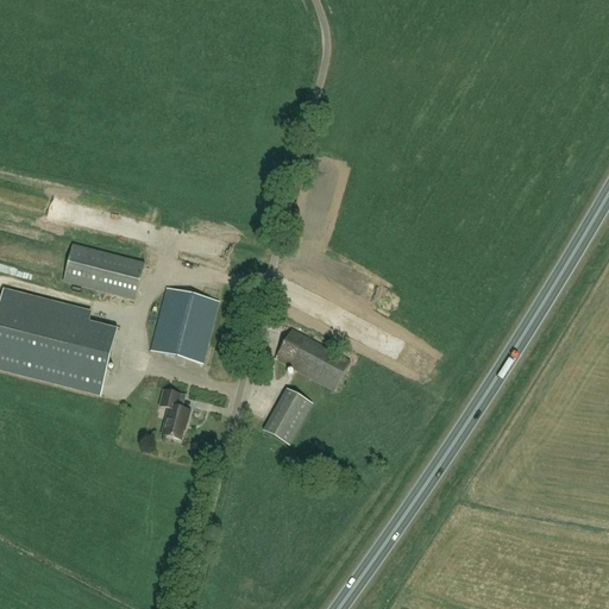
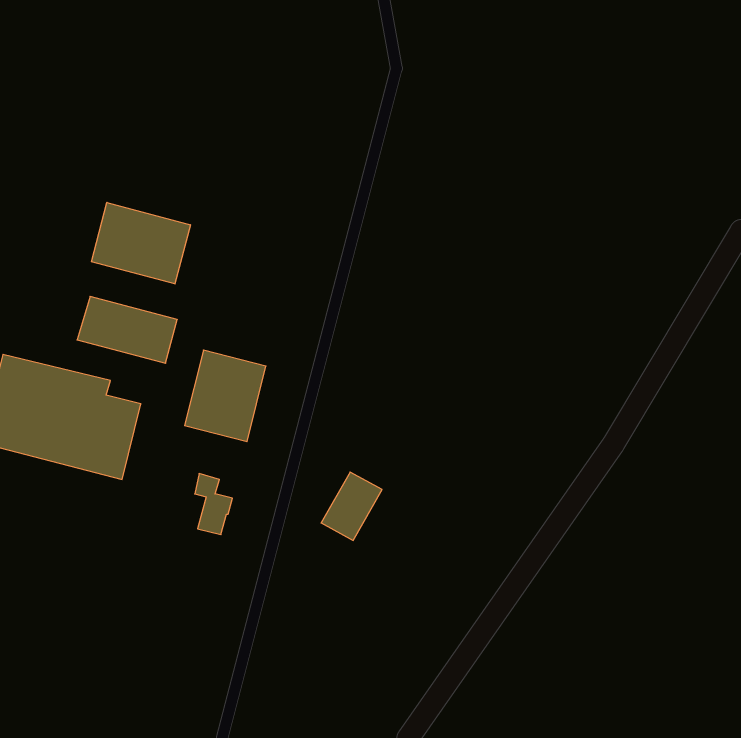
building: none -> [92,202,190,284]
building: [275,326,350,388] -> none

